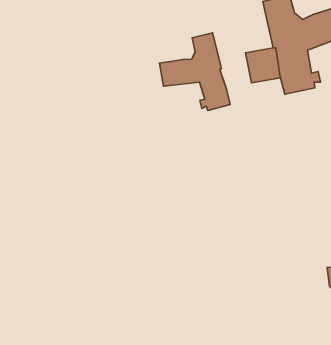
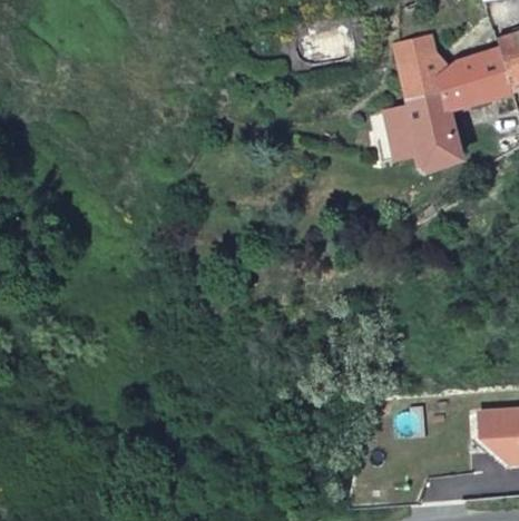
building: [160,33,230,110] -> none

